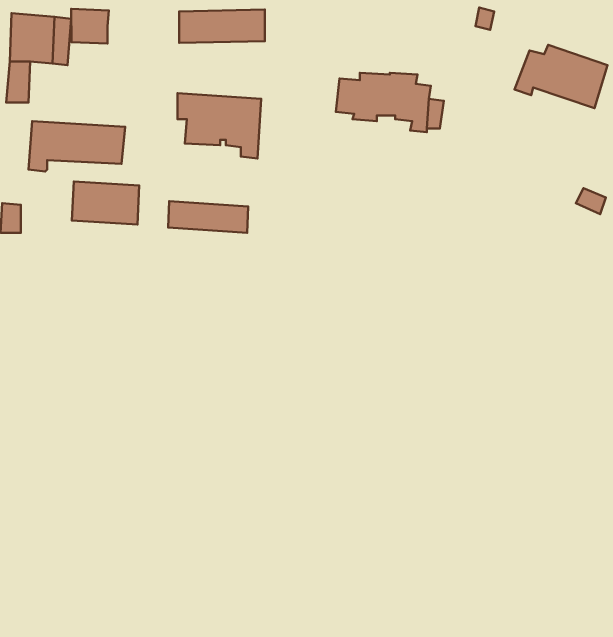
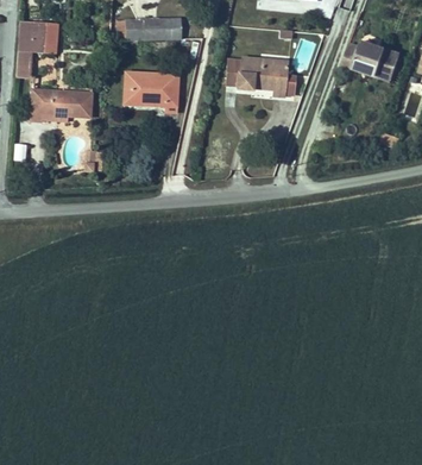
building: [71,9,109,44] -> none
building: [72,181,139,225] -> none
building: [168,201,248,233] -> none

